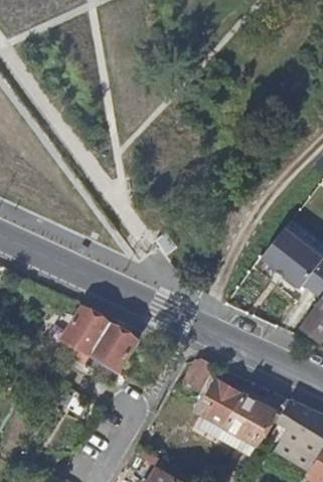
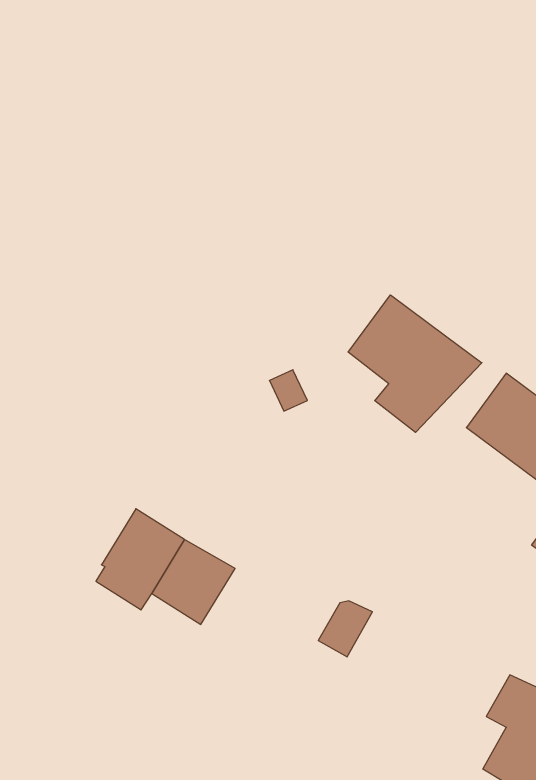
building: none -> [348,295,482,432]
building: [203,379,274,445] -> none

